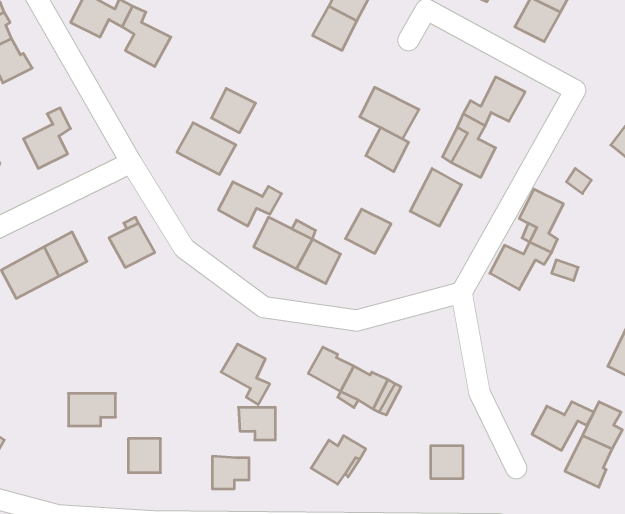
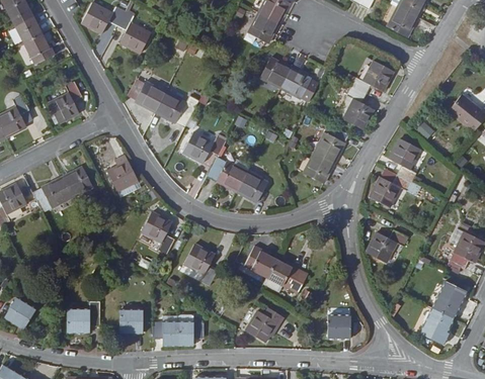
building: [211,88,256,133] -> [135,82,165,112]
building: [366,128,409,172] -> [260,58,290,88]
building: [345,209,391,253] -> [303,153,334,183]
building: none -> [143,211,175,253]
building: [68,393,116,426] -> [68,308,100,330]
building: [532,402,594,450] -> [366,227,408,261]
building: [238,407,275,440] -> [153,320,178,343]

